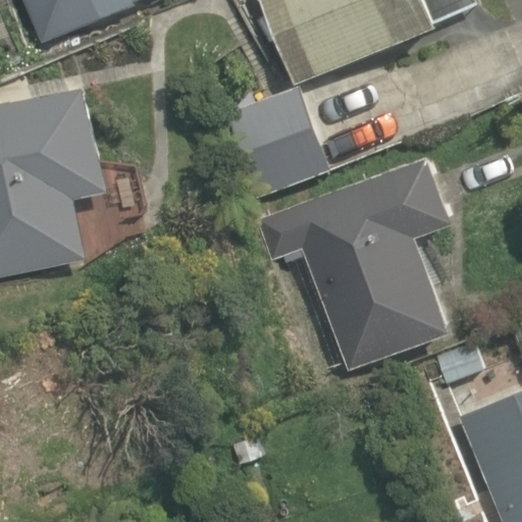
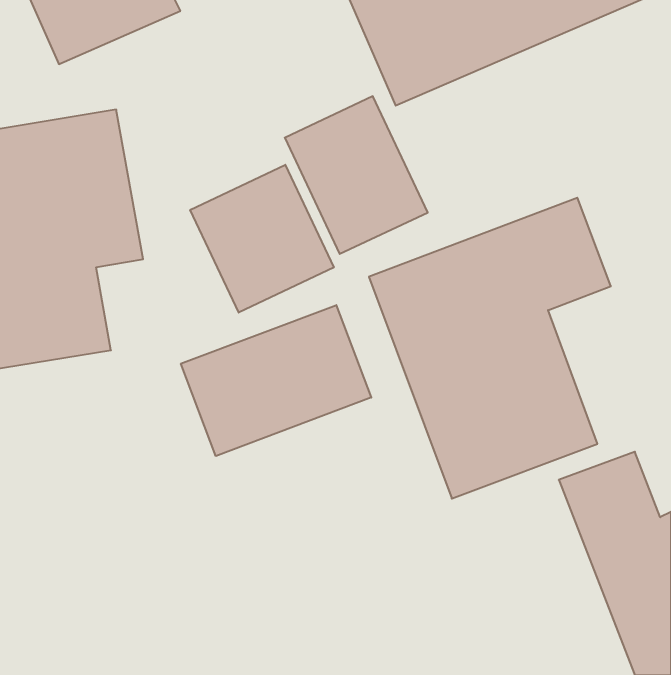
building: none -> [190,165,334,313]
building: none -> [181,305,371,456]

